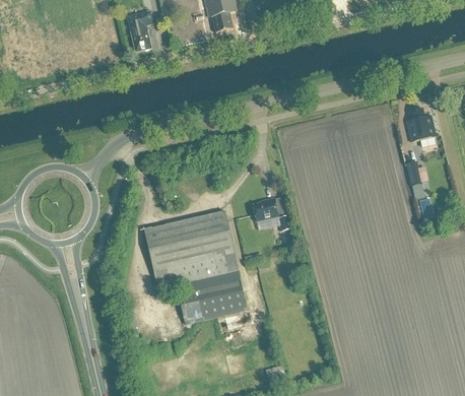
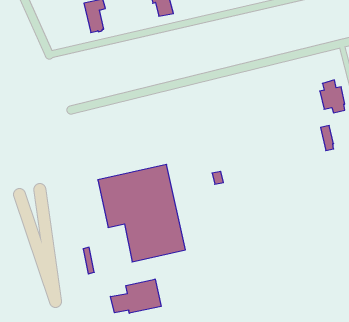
building: [253,198,278,220] -> none
building: none -> [110,279,161,313]

